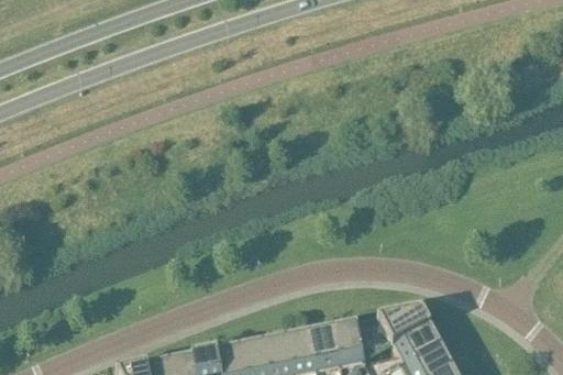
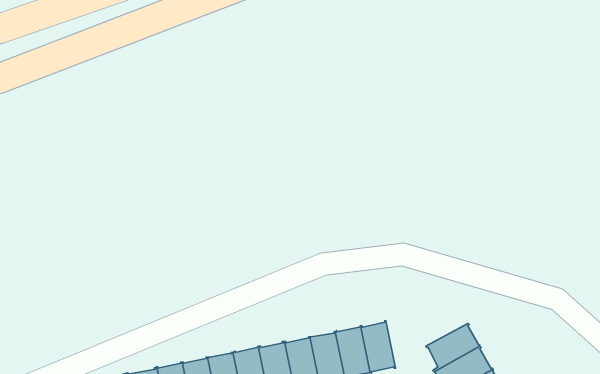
building: [358,305,433,361] -> none

